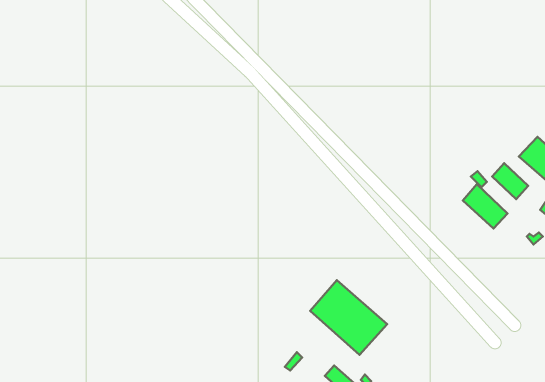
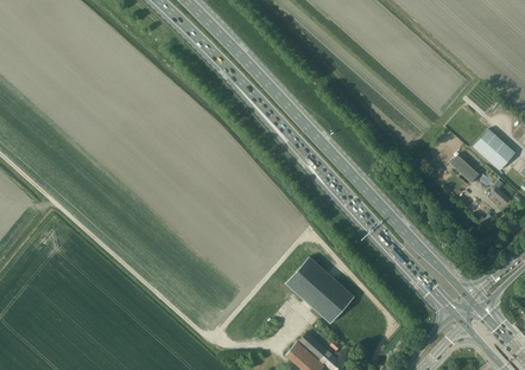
building: [463,184,508,228] -> none

